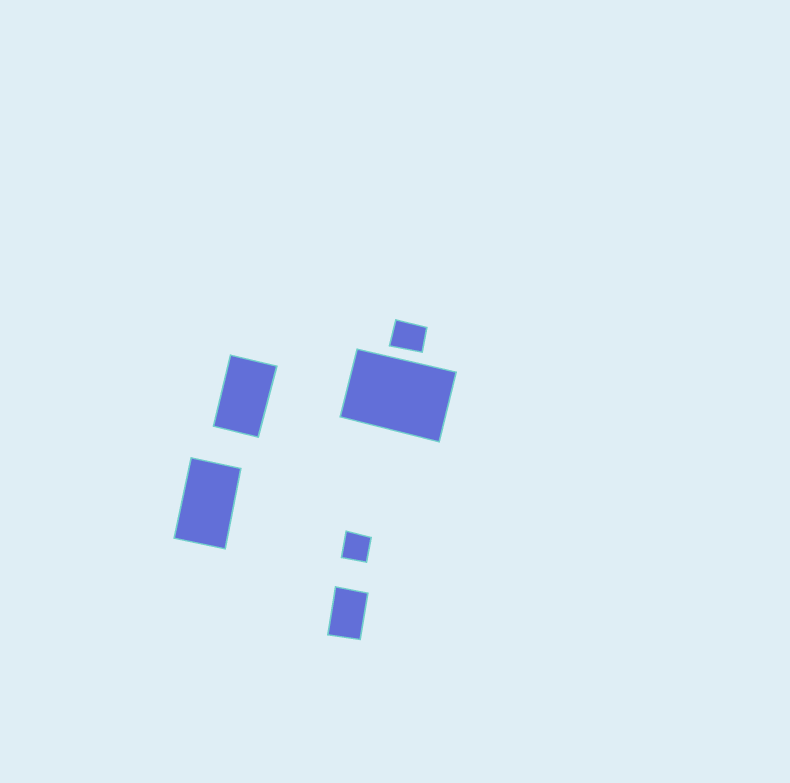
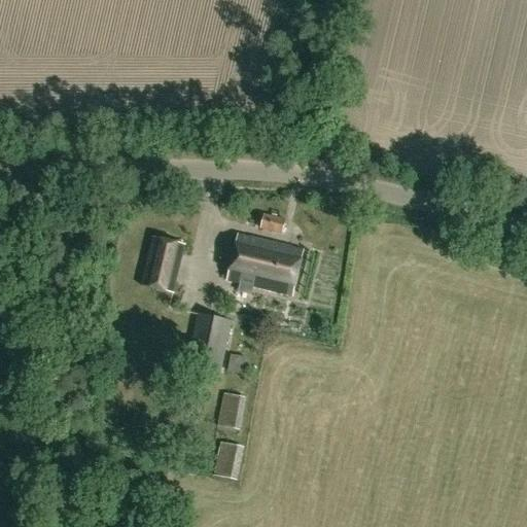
building: [174,458,241,549] -> [186,311,231,372]
building: none -> [213,442,244,480]

